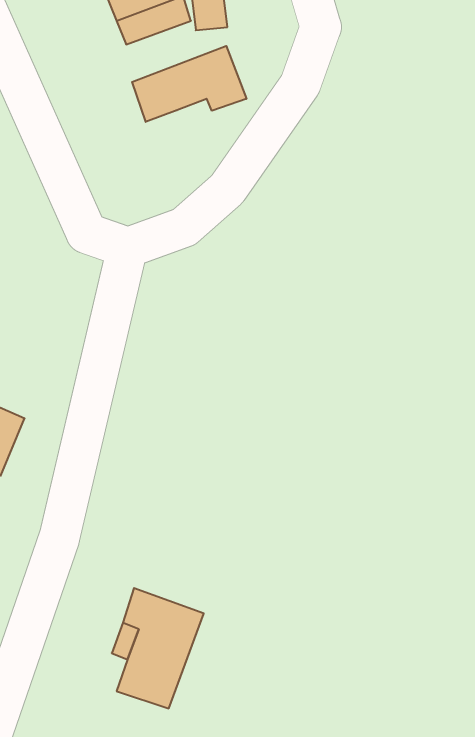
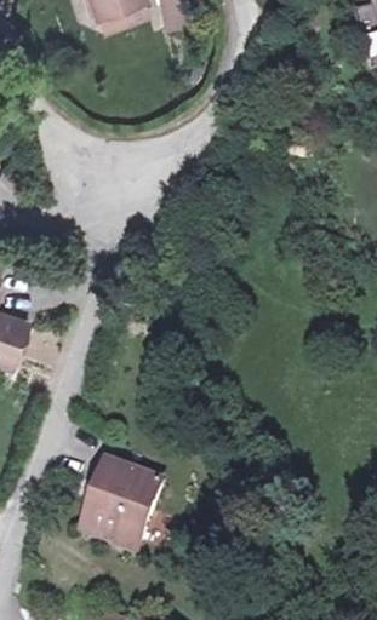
building: [132,46,246,122] -> none

